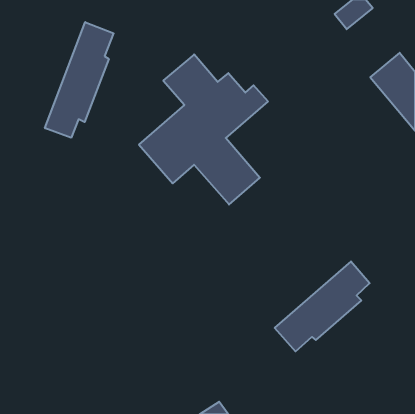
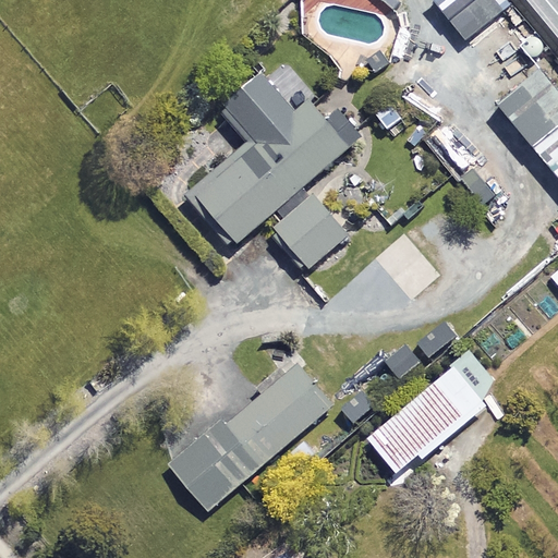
building: [45,22,114,138] -> none
building: none -> [165,361,333,510]

